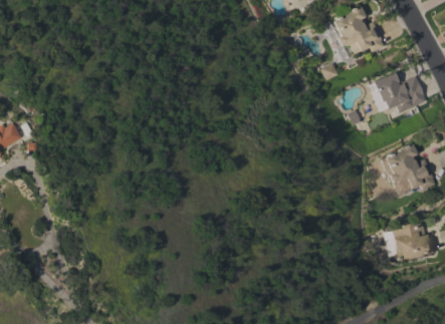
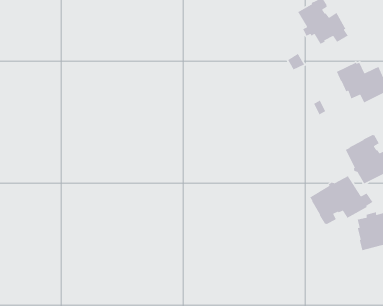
building: none -> [309,175,374,225]

